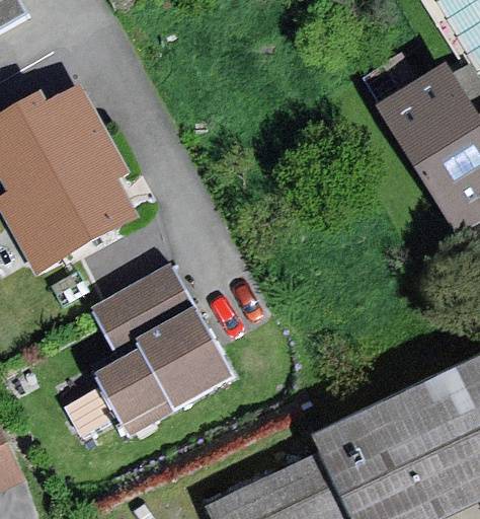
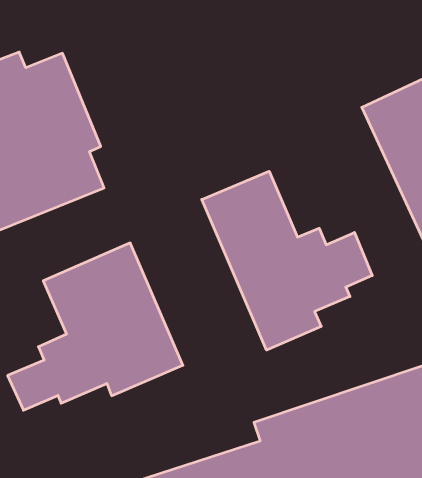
building: none -> [202,171,372,350]

